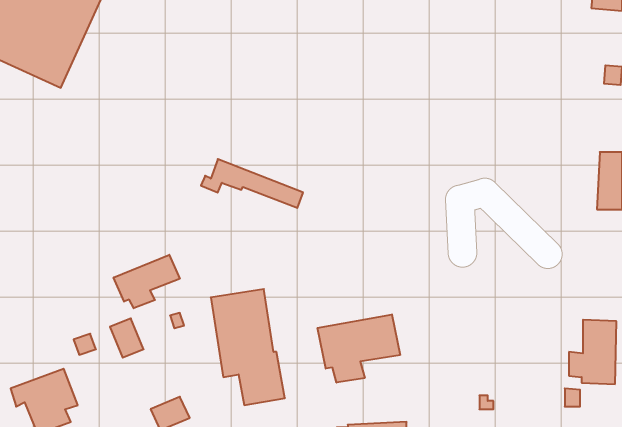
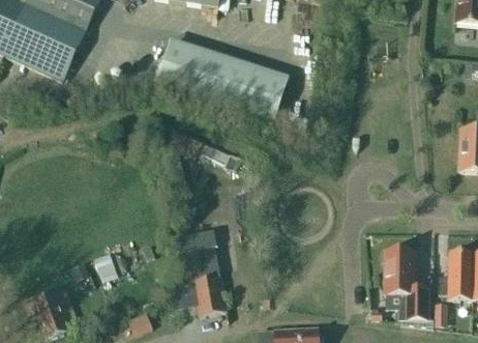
building: none -> [156,42,288,120]
building: [114,255,180,308] -> none
building: [318,314,400,383] -> none
building: none -> [384,250,428,319]

